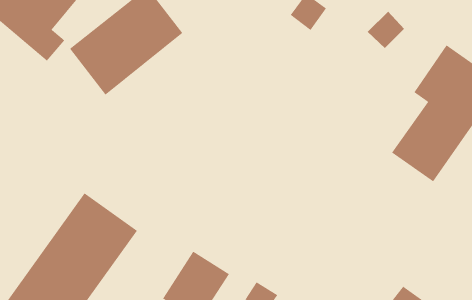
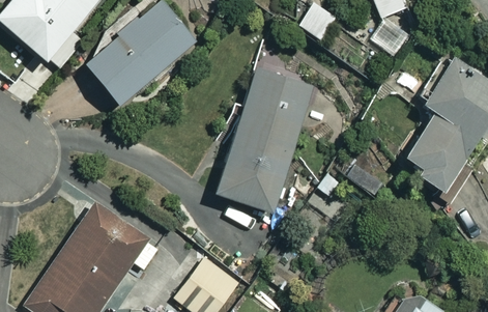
building: none -> [213,66,315,210]

